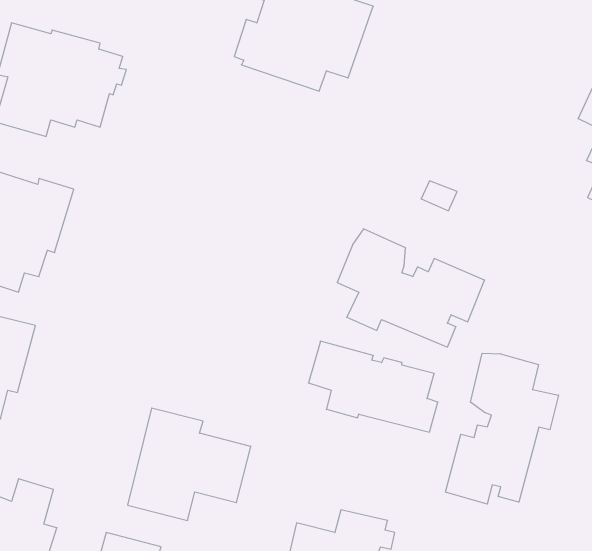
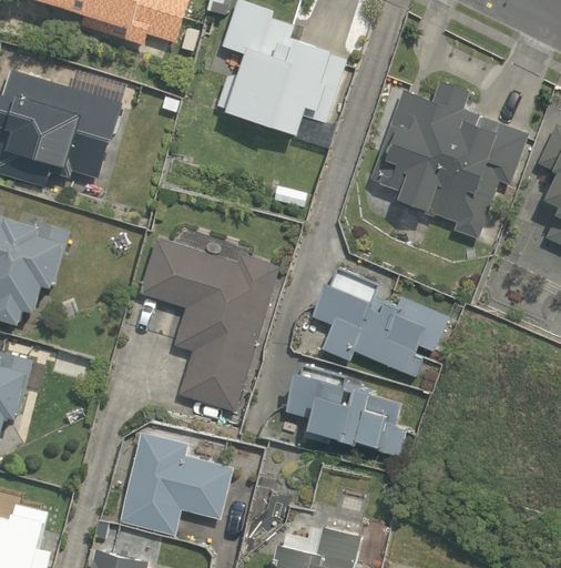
building: none -> [368,78,528,237]
building: none -> [139,236,279,410]
building: [446,353,559,504] -> none

